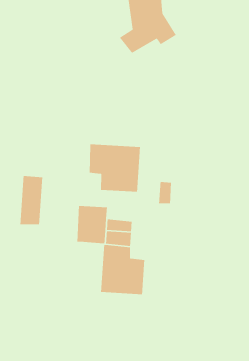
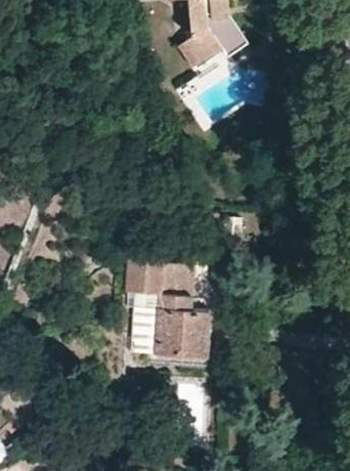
building: [89,144,141,192] -> none
building: [19,175,43,225] -> [130,294,159,354]

